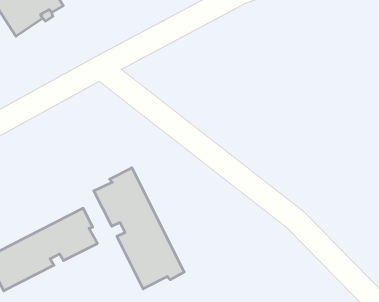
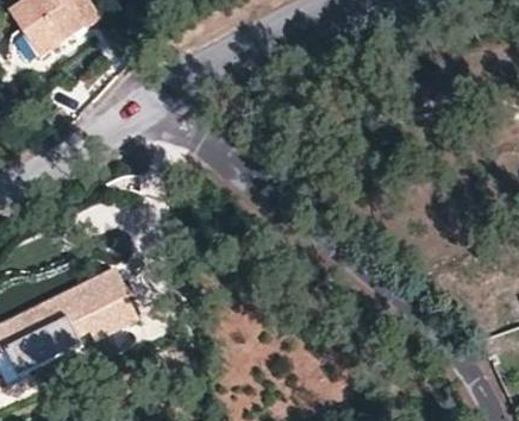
building: [94,168,184,289] -> none

